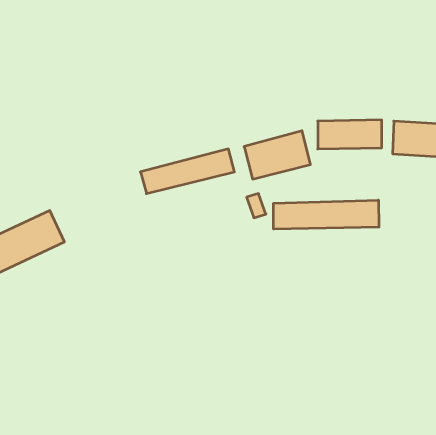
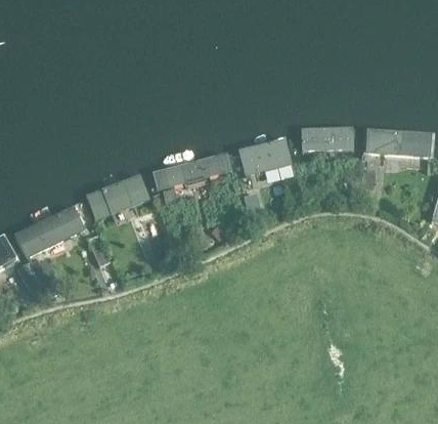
building: none -> [86,171,151,219]
building: [274,200,379,229] -> none

